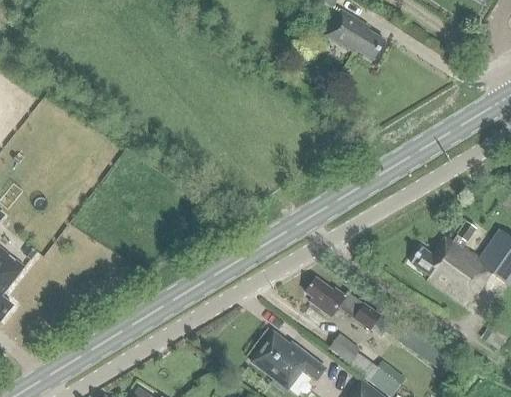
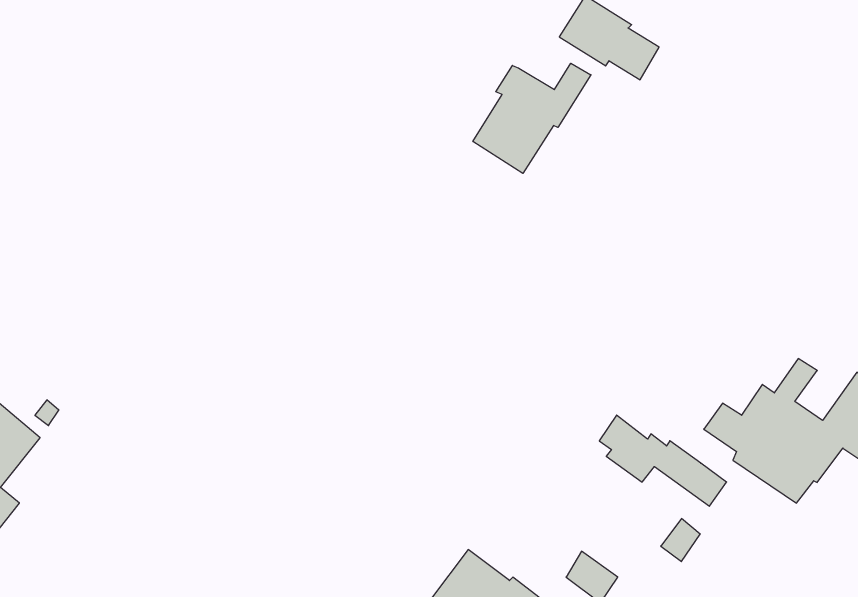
building: none -> [473,63,591,173]
building: [305,277,379,330] -> [599,415,727,506]

